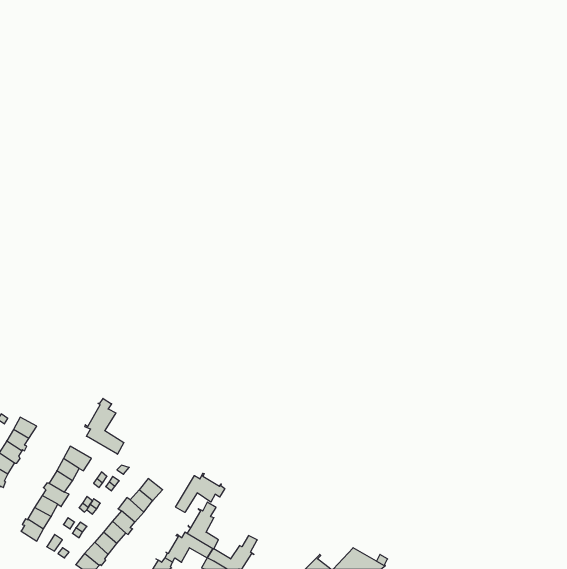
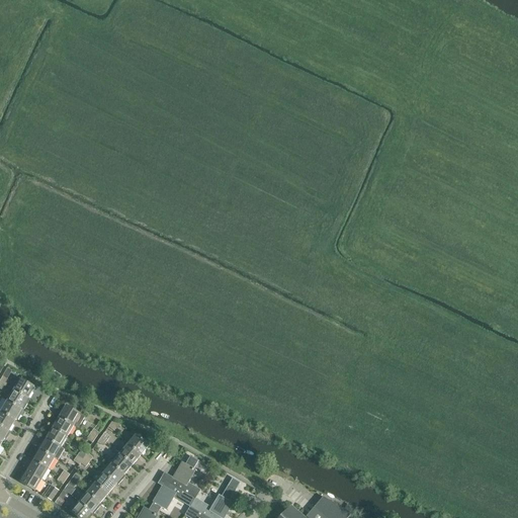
building: [85,398,124,454] -> none
building: [176,473,225,512] -> none

